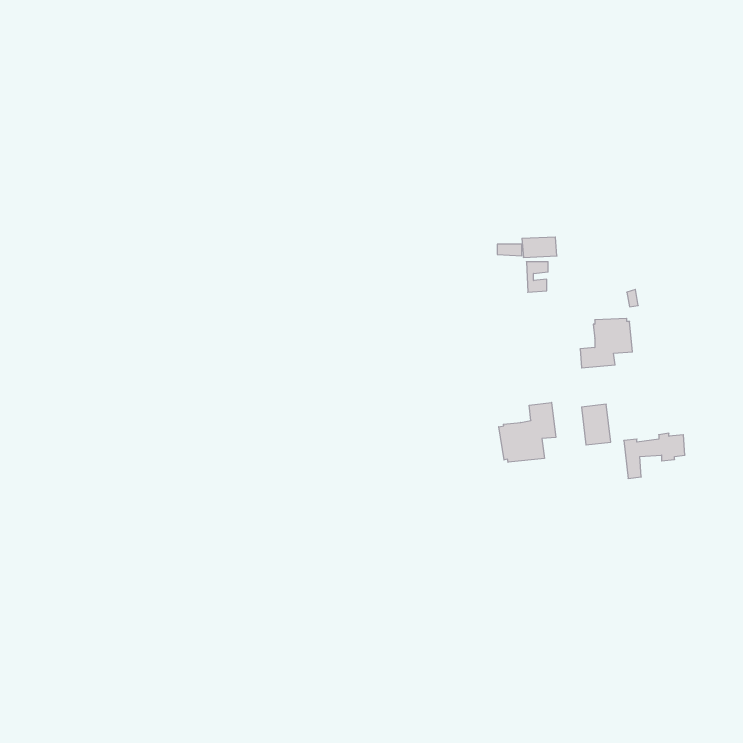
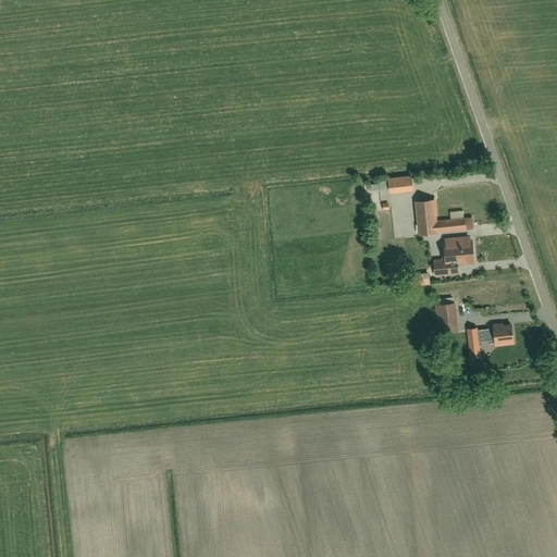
building: none -> [416,200,466,235]
building: [499,402,556,462] -> none

